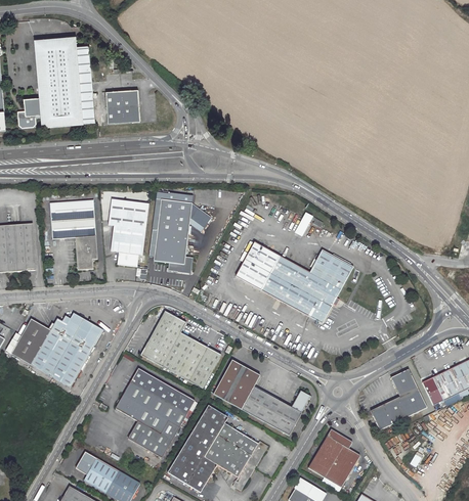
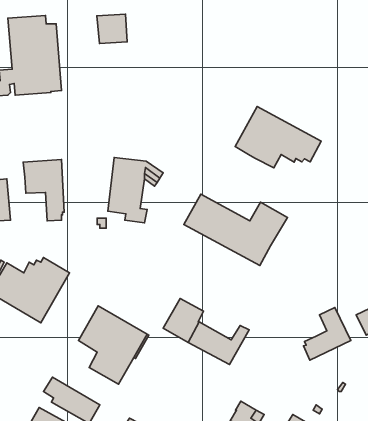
building: [105,89,140,123] -> [97,14,127,43]
building: none -> [235,106,321,168]
building: [108,198,148,266] -> none
building: [140,311,219,388] -> none
building: [167,405,267,492] -> none
building: [307,431,358,488] -> none

